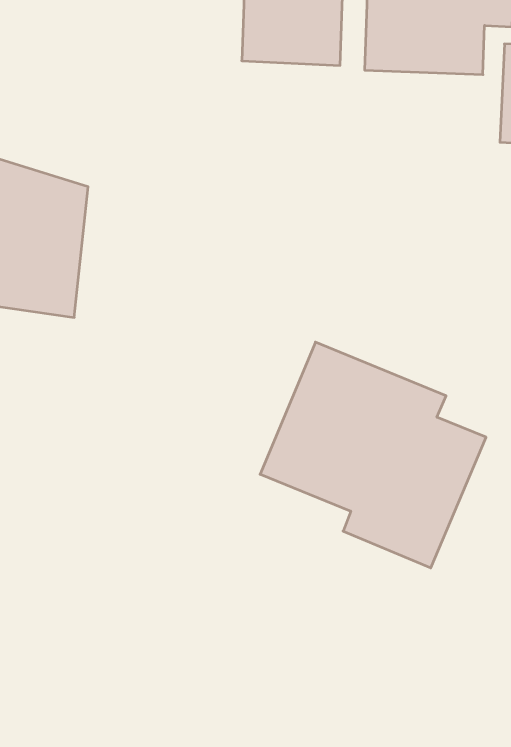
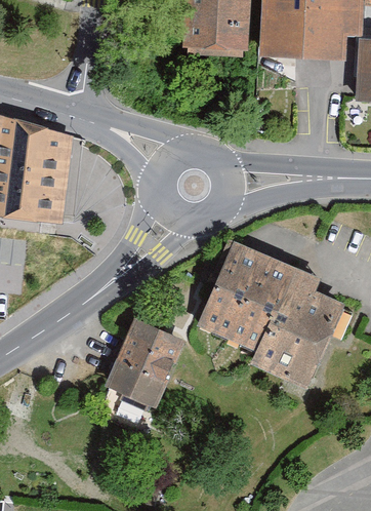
building: none -> [91,316,188,430]

